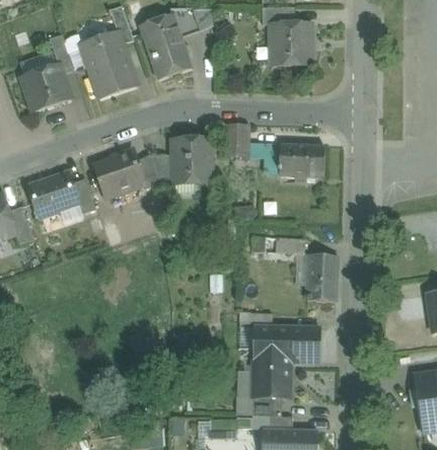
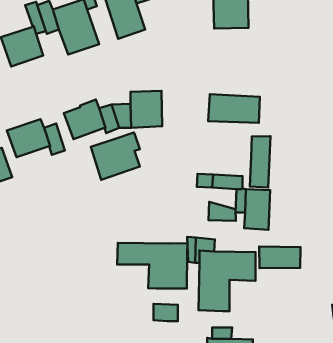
building: [225,124,248,156] -> none
building: none -> [91,133,140,180]
building: none -> [250,136,271,188]
building: none -> [208,202,236,221]
building: none -> [117,243,188,289]
building: none -> [259,247,301,268]
building: [252,396,281,417] -> [154,304,178,321]

